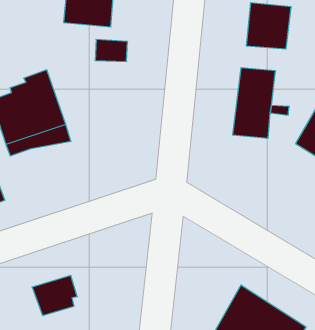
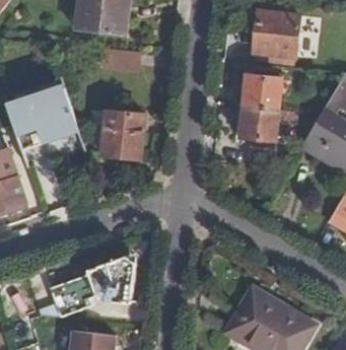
building: none -> [107,111,147,157]
building: none -> [83,255,135,304]

